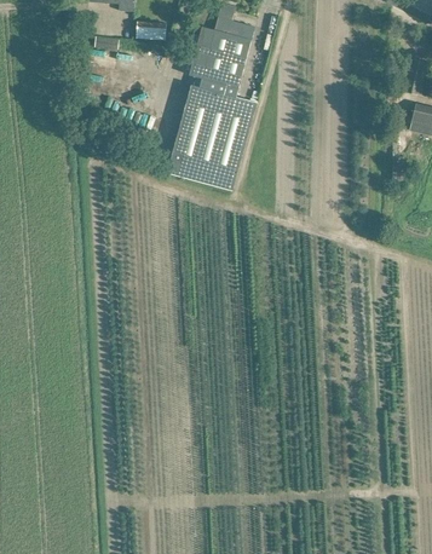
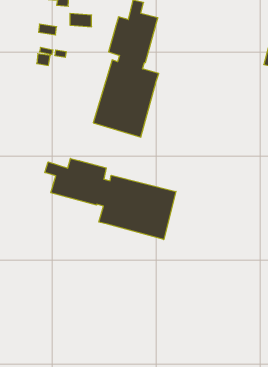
building: none -> [45,158,176,240]

